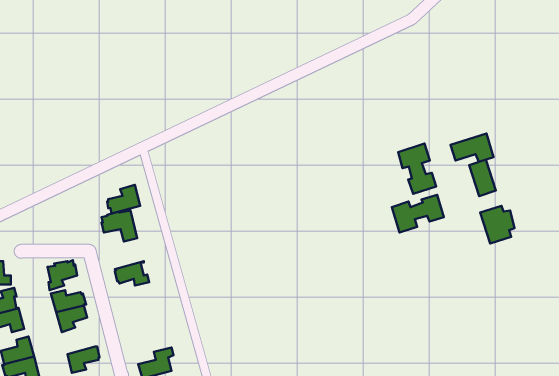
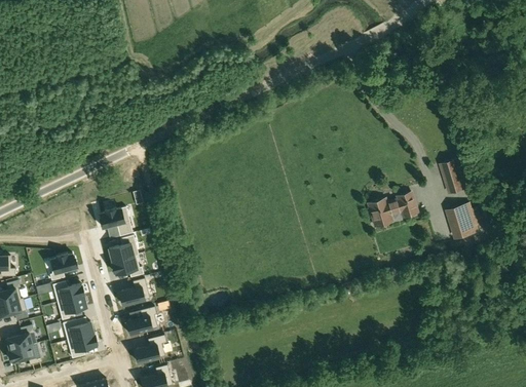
building: [450,133,494,162] -> none
building: [398,144,436,194] -> none
building: [107,185,140,214] -> [107,234,138,261]
building: none -> [117,277,146,305]
building: none -> [124,306,156,334]
building: none -> [62,318,92,340]

